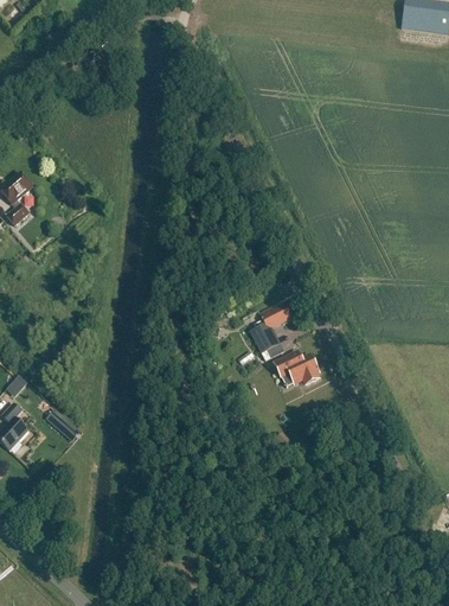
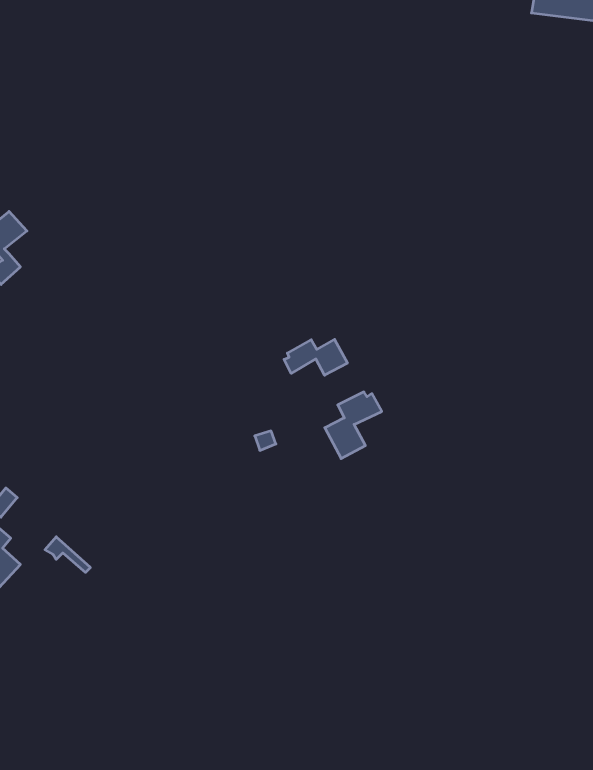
building: none -> [284,339,347,375]
building: [274,355,319,384] -> none

